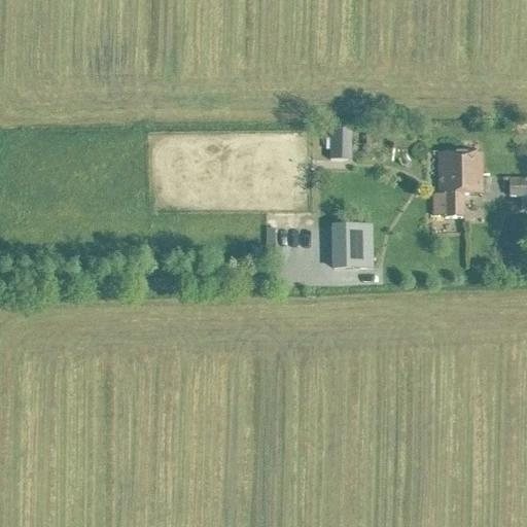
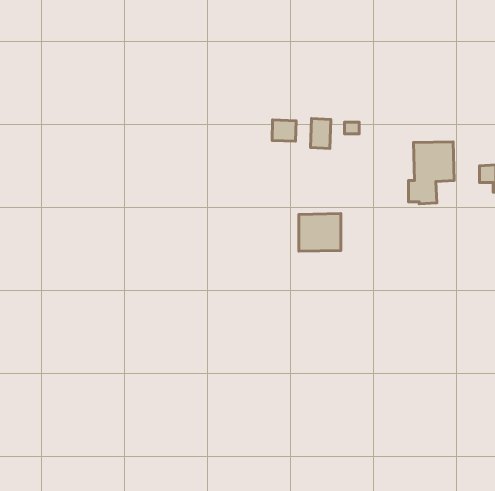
building: none -> [272,120,296,141]

